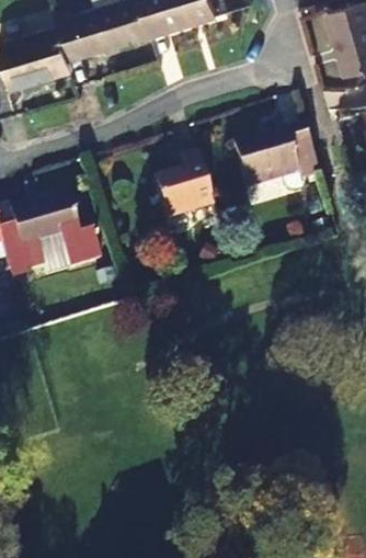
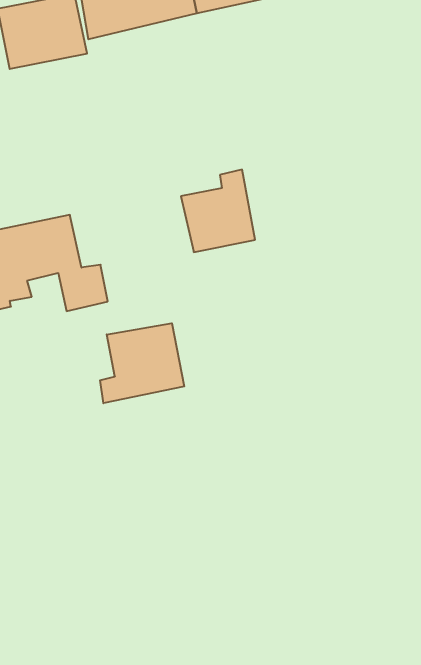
building: [232,126,319,187] -> none
building: none -> [100,323,184,403]

